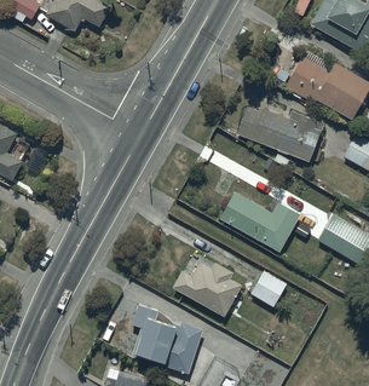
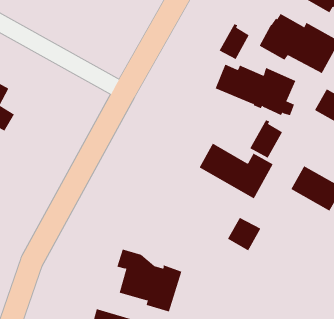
building: none -> [219,24,249,60]
building: none -> [249,119,283,159]
building: [174,261,242,316] -> none

